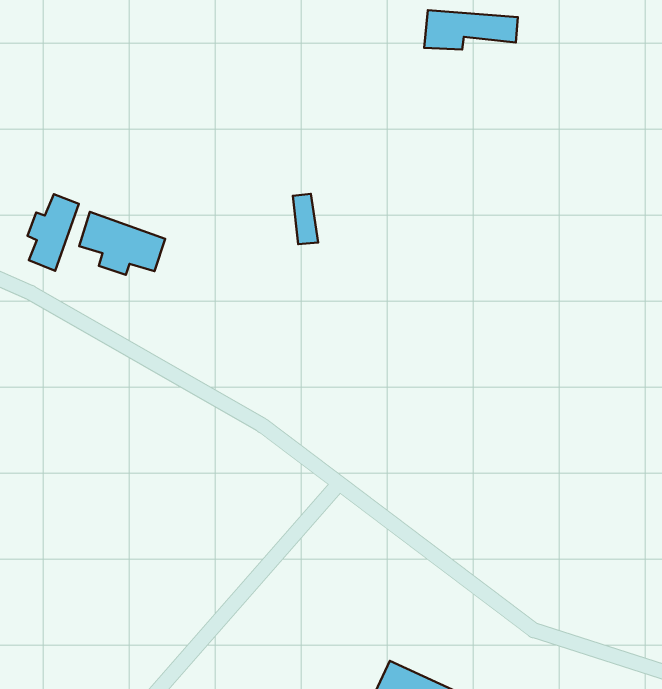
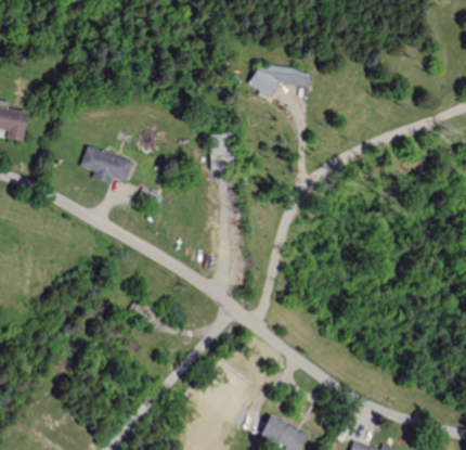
building: [424,10,518,50] -> [253,66,309,90]
building: [27,194,79,271] -> none

